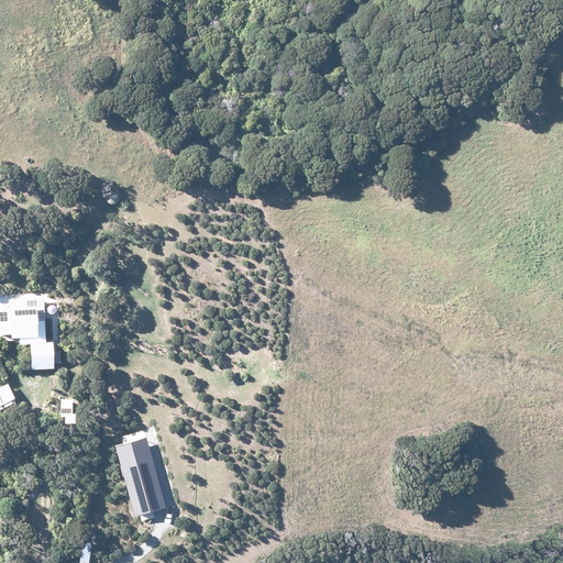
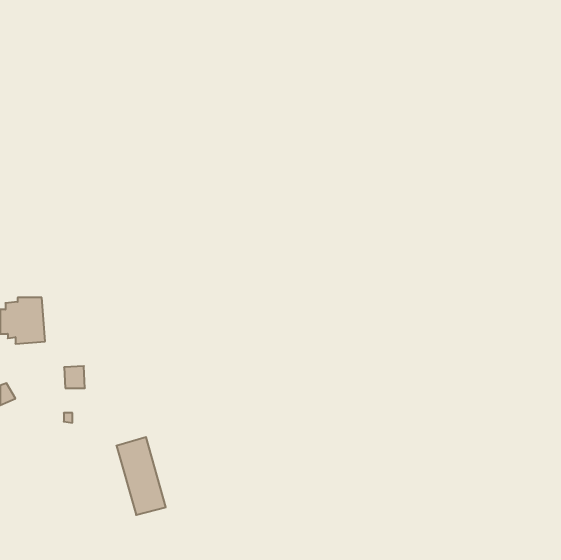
building: [29,345,49,367] -> [64,366,85,388]

